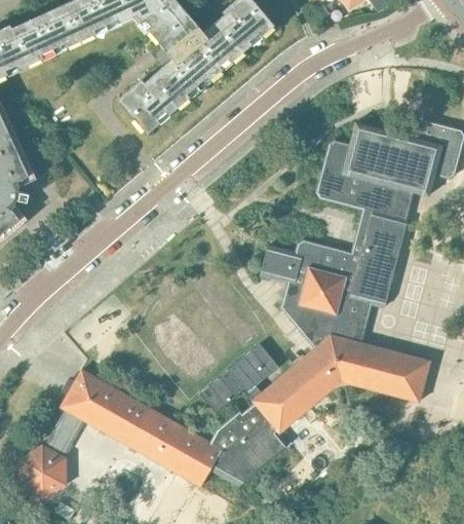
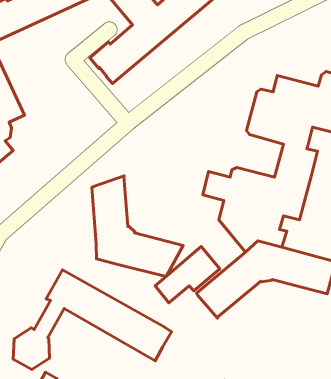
building: none -> [92,176,183,277]
building: [209,404,288,485] -> none

